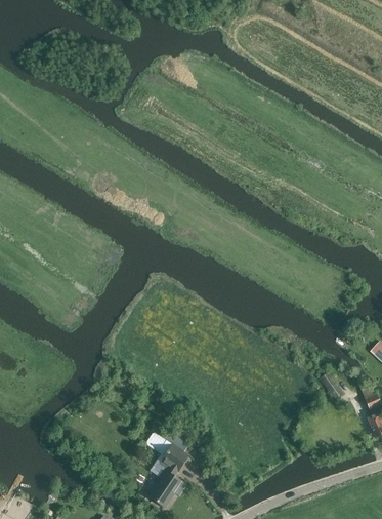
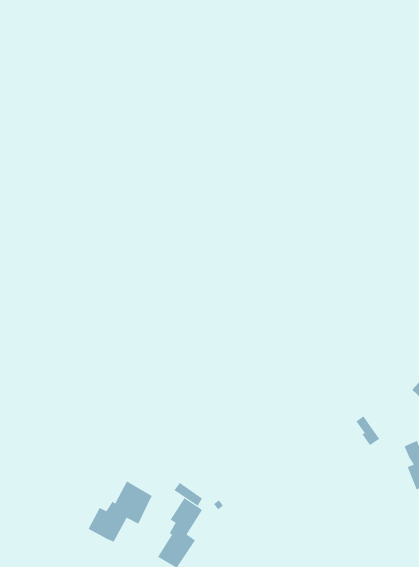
building: none -> [88,481,153,543]

